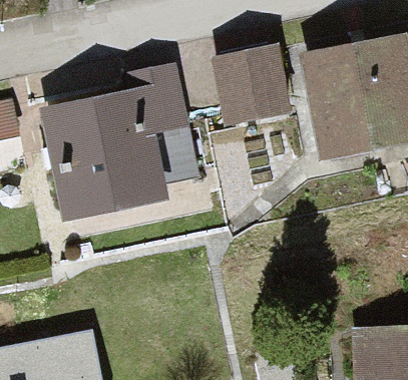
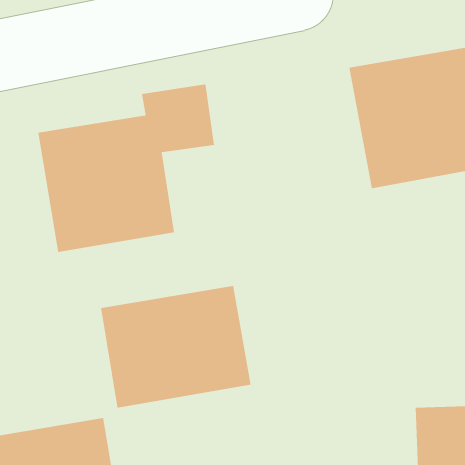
building: [214,49,282,116] -> none
building: none -> [101,285,251,409]

